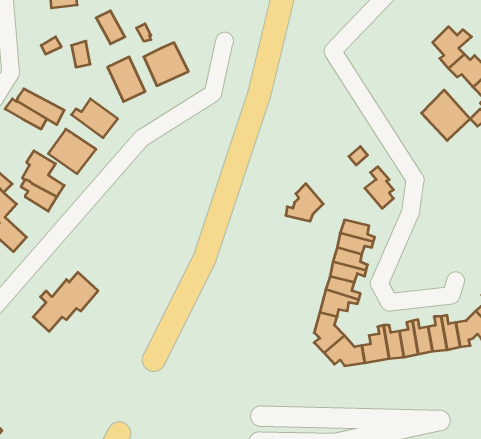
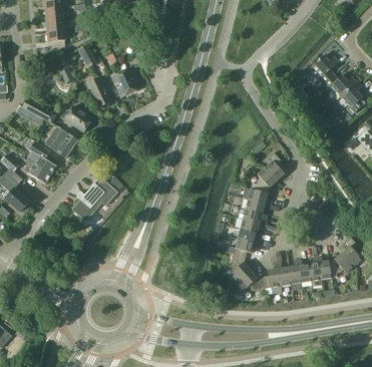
building: [421,90,470,141] -> none
building: [286,184,323,221] -> [251,166,277,193]
building: [33,272,98,331] -> [72,177,117,219]

